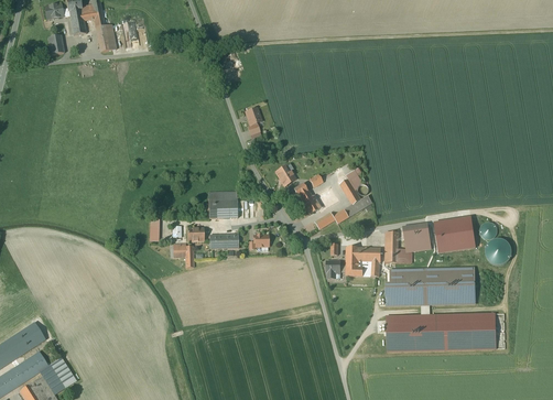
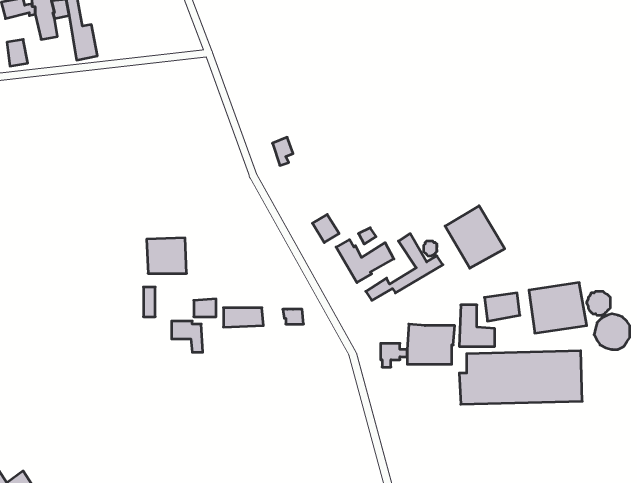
building: none -> [445,206,505,268]
building: [207,192,237,218] -> [147,238,187,273]
building: [384,313,503,353] -> none

